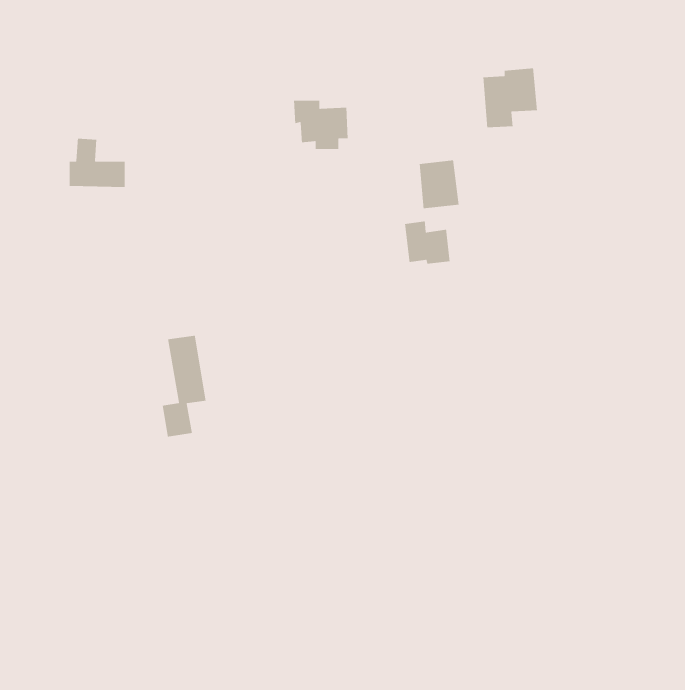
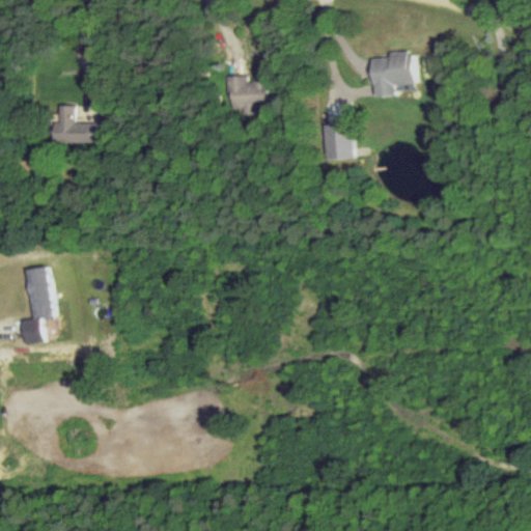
building: [404,220,451,264] -> none
building: [162,335,206,438] -> [21,267,55,345]

